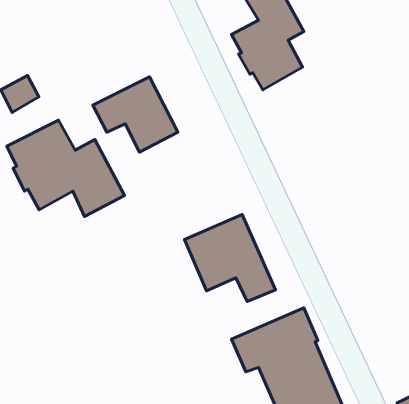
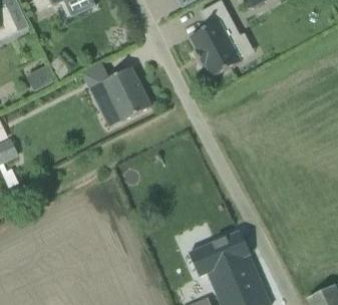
building: [7,120,124,216] -> none
building: [185,214,276,302] -> none

